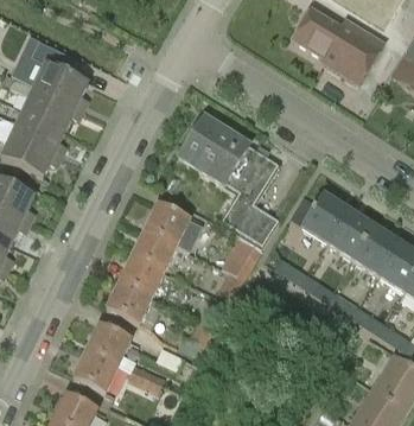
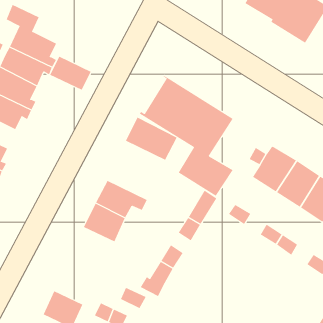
building: none -> [49,56,92,90]
building: [142,204,199,252] -> [125,117,178,160]
building: [104,281,151,324] -> none
building: [84,324,128,365] -> none

